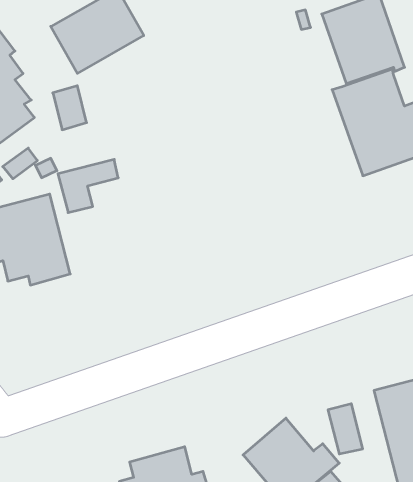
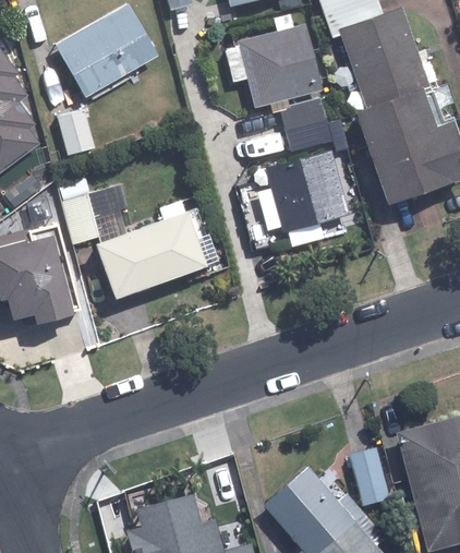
building: none -> [223,25,319,106]
building: none -> [282,100,342,149]
building: none -> [255,152,346,247]
building: none -> [98,204,204,299]

